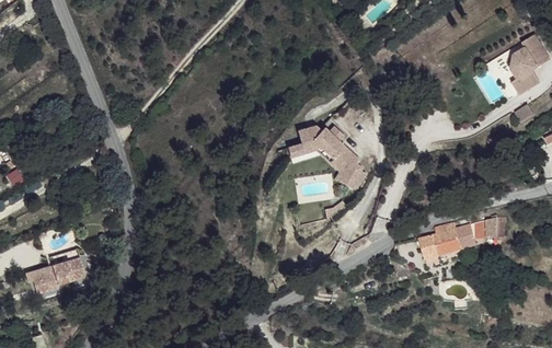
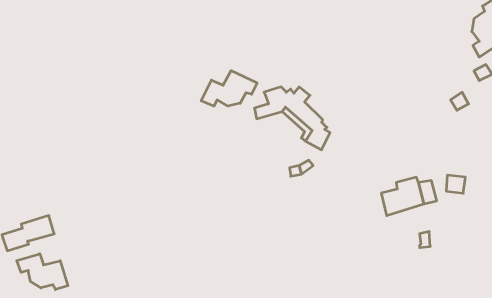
building: none -> [201,71,257,106]
building: none -> [17,254,68,290]

